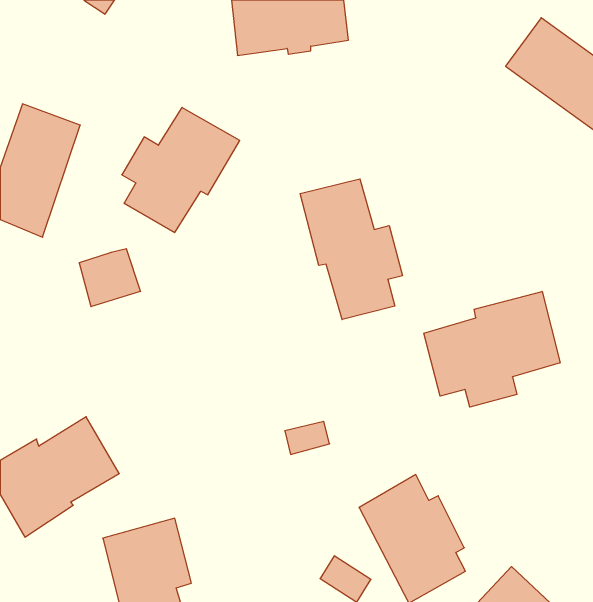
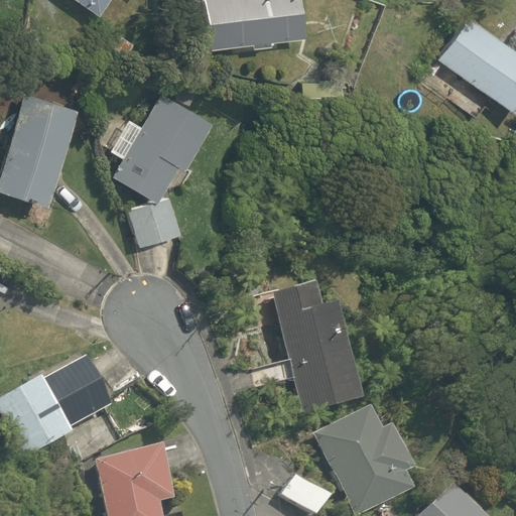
building: [300,179,402,320] -> none
building: [79,249,141,307] -> [131,197,183,246]
building: [424,291,560,407] -> none
building: none -> [273,283,357,412]

